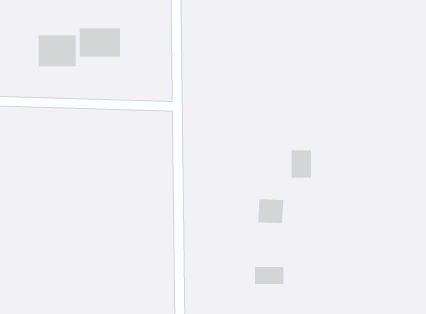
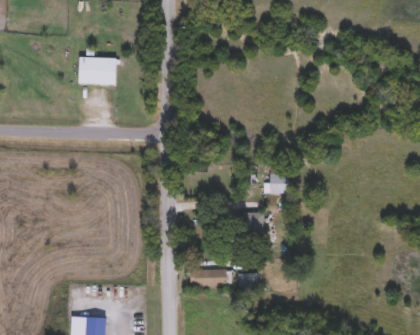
building: [38,35,76,67] -> none
building: none -> [189,270,226,286]

